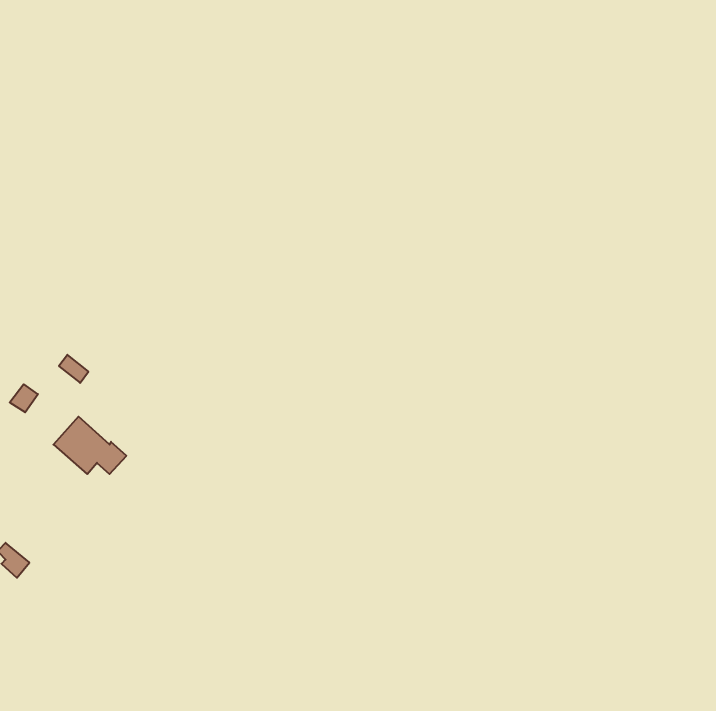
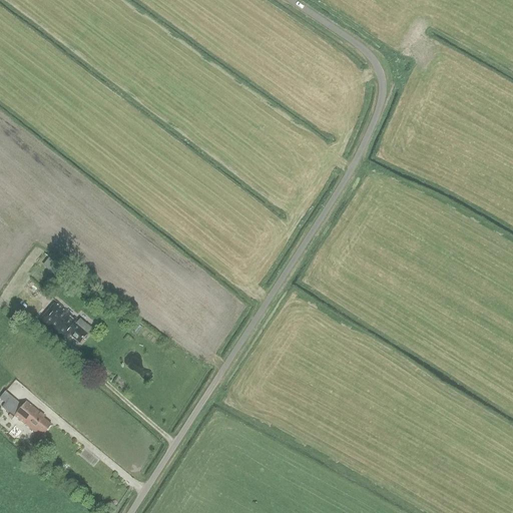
building: none -> [14,398,51,434]

